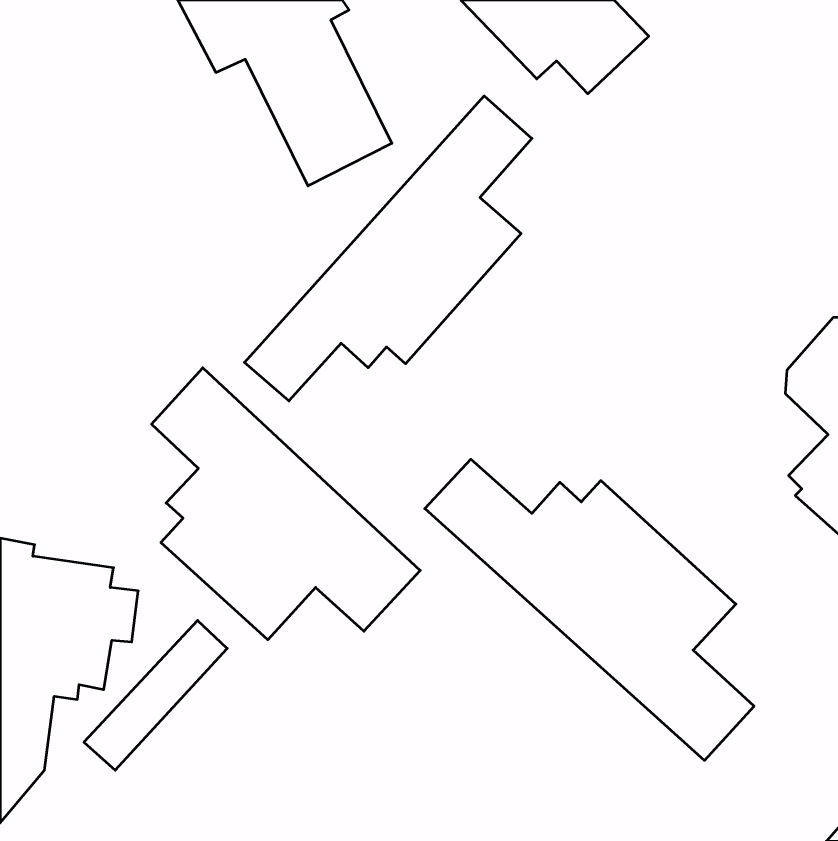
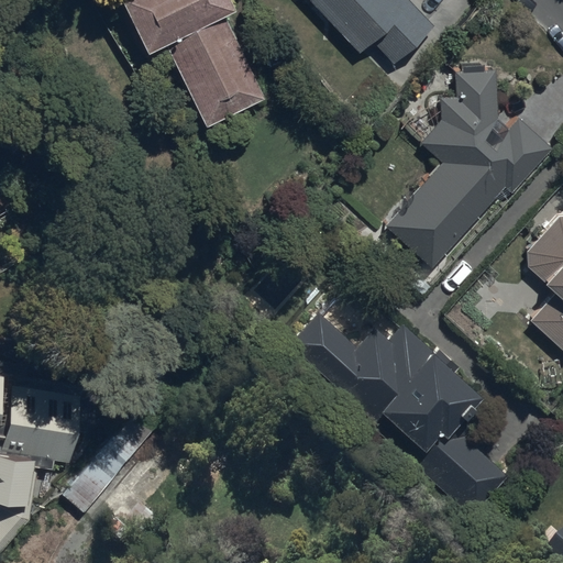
building: none -> [384,64,553,266]
building: [244,96,532,401] -> none
building: [152,368,420,640] -> none

